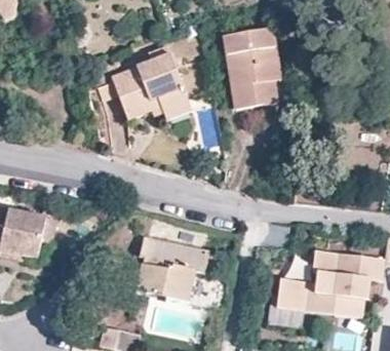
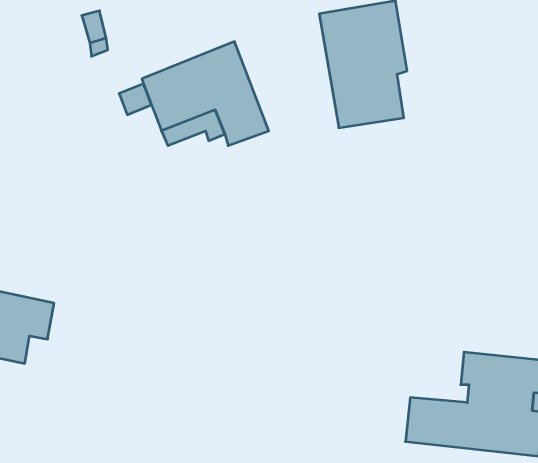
building: [129,236,209,302] -> none

